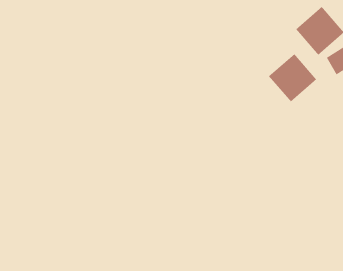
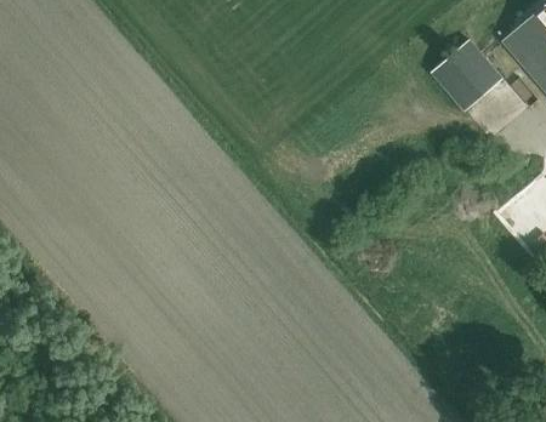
building: [268,53,317,103] -> none

